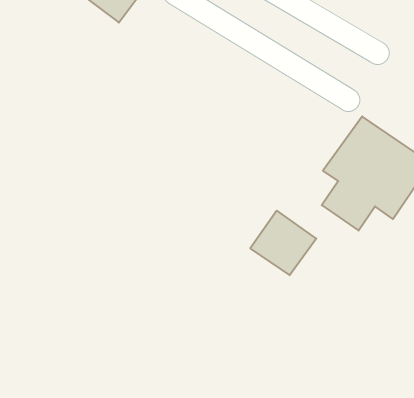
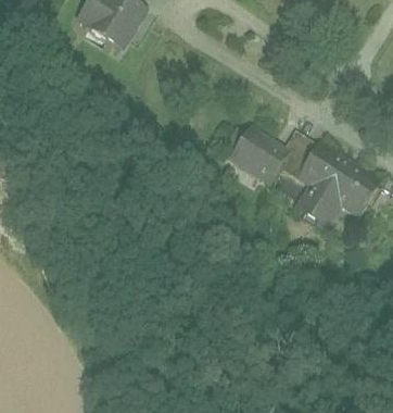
building: [250,211,316,275] -> [234,130,291,186]

